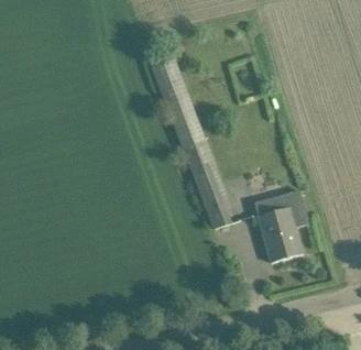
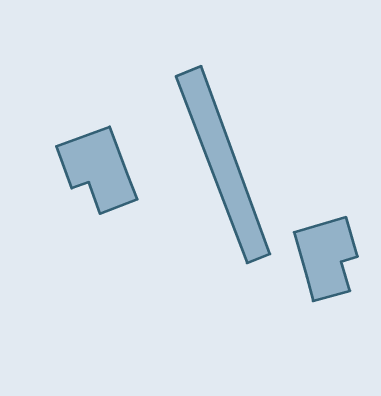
building: none -> [56,127,137,214]

